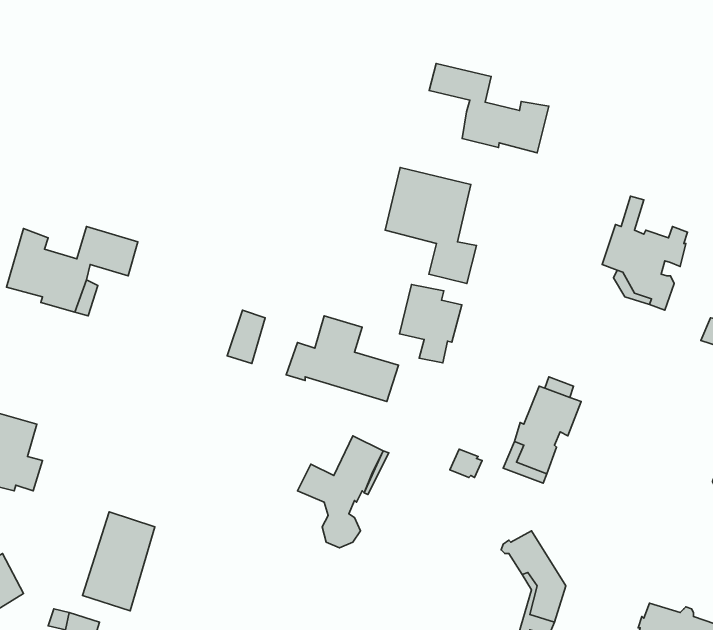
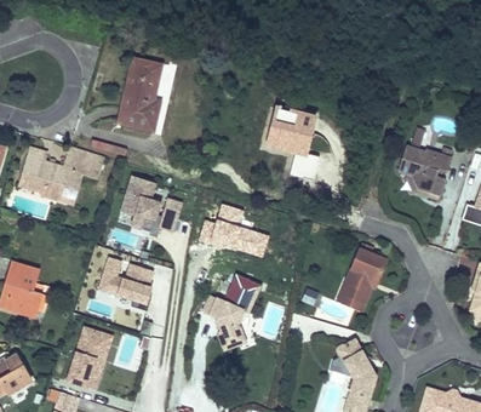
building: [429,64,549,153] -> none
building: none -> [119,57,161,130]
building: none -> [119,176,164,227]
building: [399,285,462,363] -> none
building: none -> [98,257,155,307]

